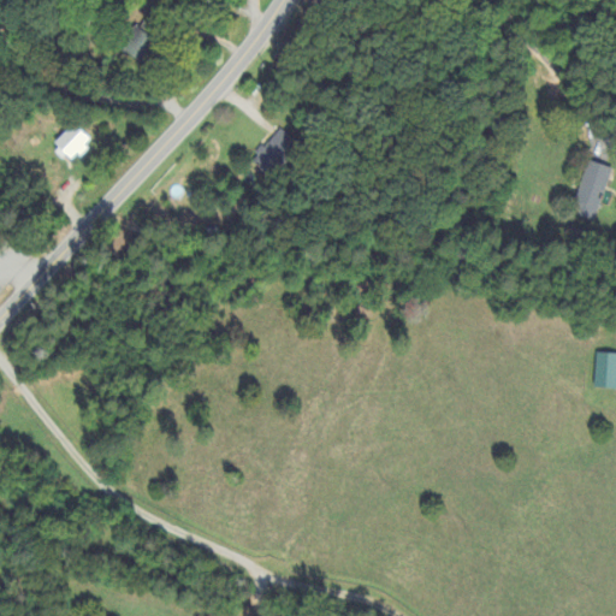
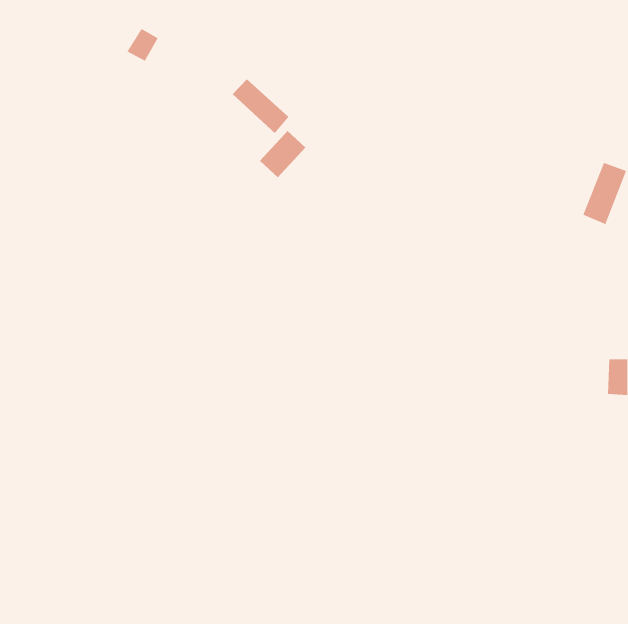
building: none -> [232,78,289,134]
building: [52,122,91,161] -> none

